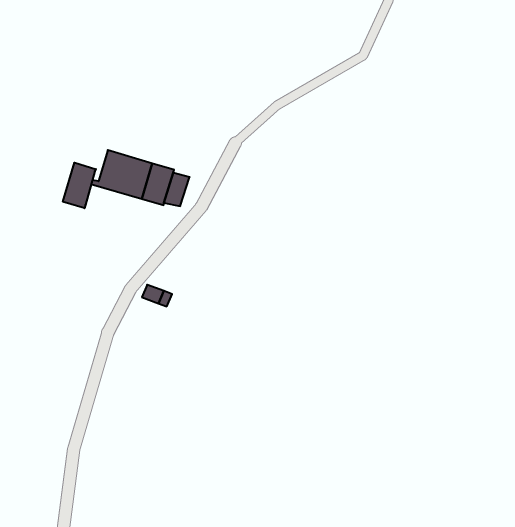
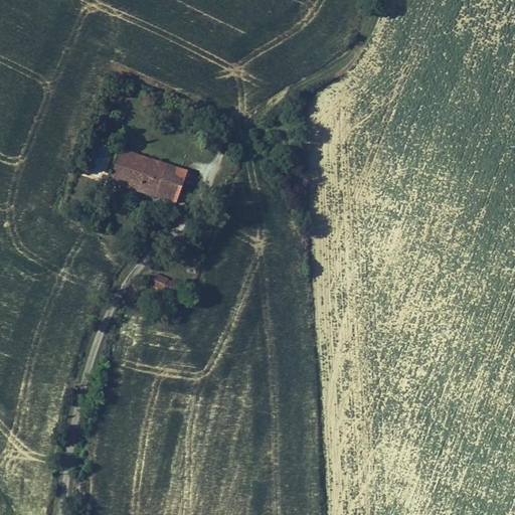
building: [63,163,96,208] -> none

